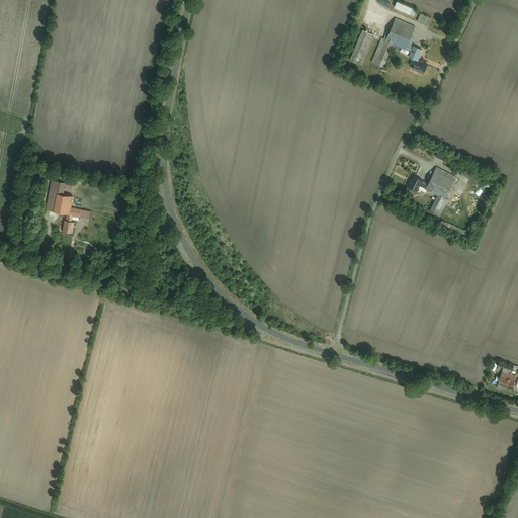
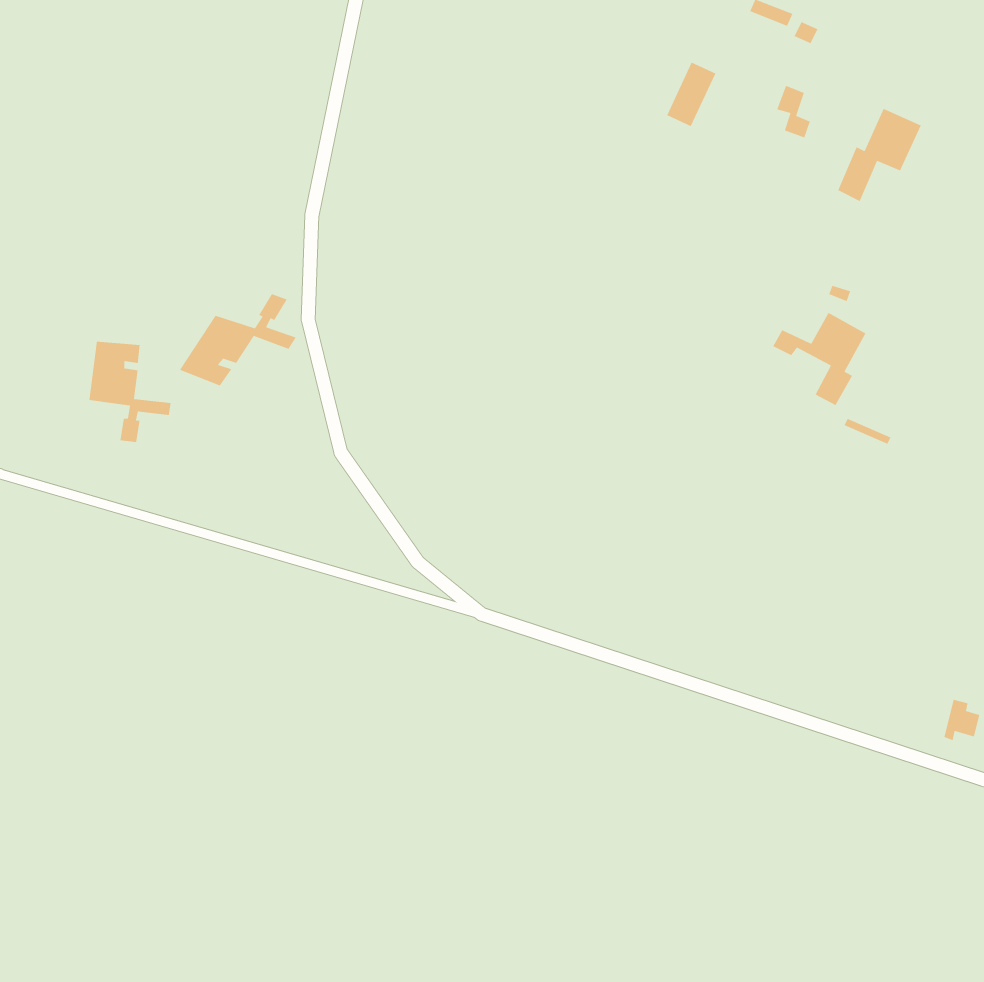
building: [371,19,416,69] -> [837,108,922,202]
building: none -> [179,293,297,386]

